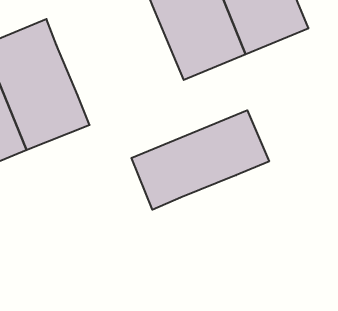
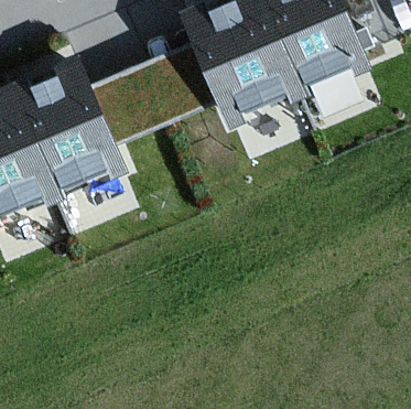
building: none -> [91,42,220,140]
building: [131,110,269,210] -> none

